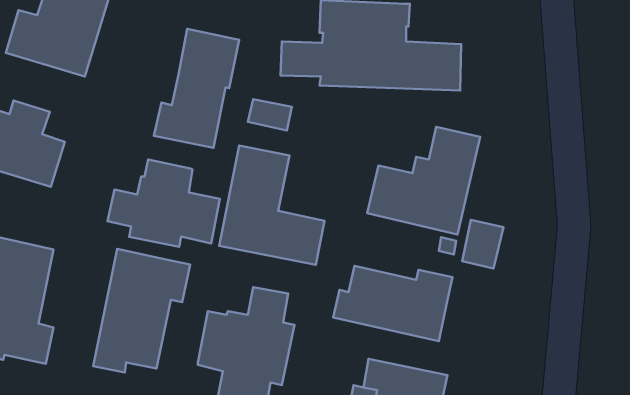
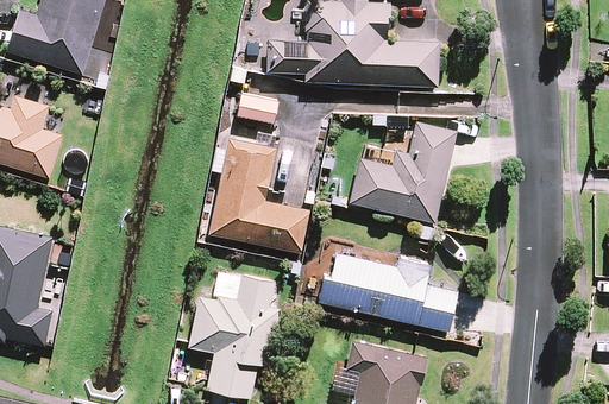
building: [154,29,239,148] -> none
building: [108,160,220,247] -> none
building: [462,220,504,269] -> [417,285,457,332]
building: [93,249,190,373] -> none

